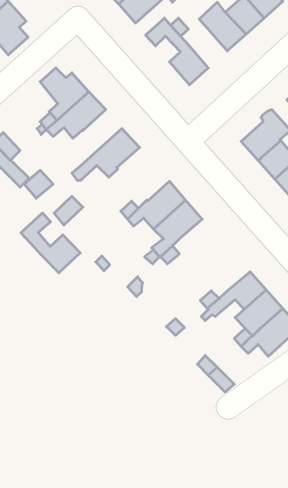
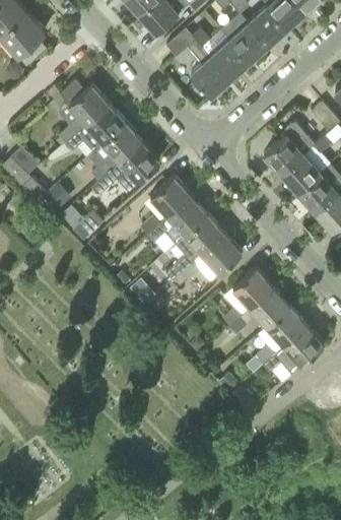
building: none -> [210,40,250,80]
building: none -> [87,123,142,181]
building: none -> [151,177,191,216]
building: [21,213,80,273] -> none
building: none -> [202,235,242,273]
building: none -> [231,269,273,309]

